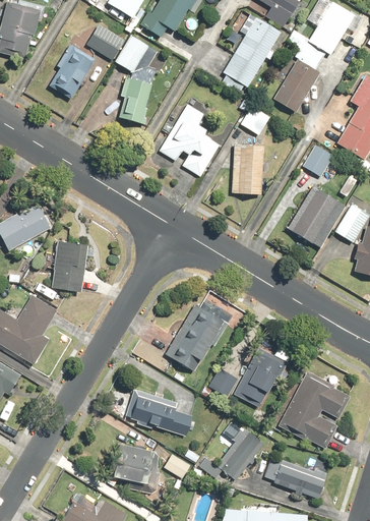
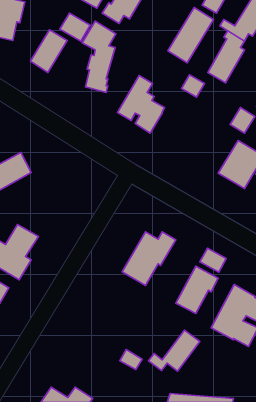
building: [232,146,263,195] -> none
building: [51,240,87,292] -> none
building: none -> [200,248,226,272]
building: [207,367,238,397] -> none
building: [125,389,192,436] -> none
building: [112,445,151,482] -> none
building: [266,460,326,499] -> none

